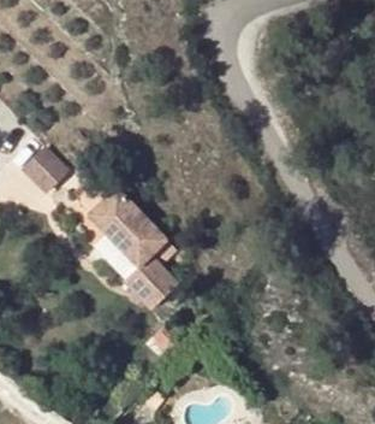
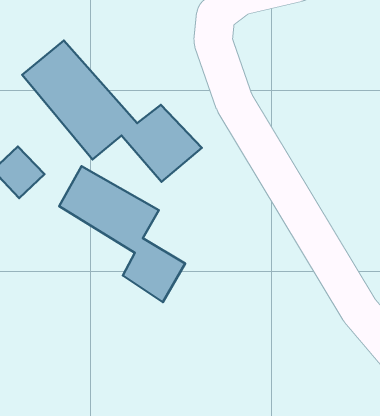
building: none -> [22,41,202,182]

